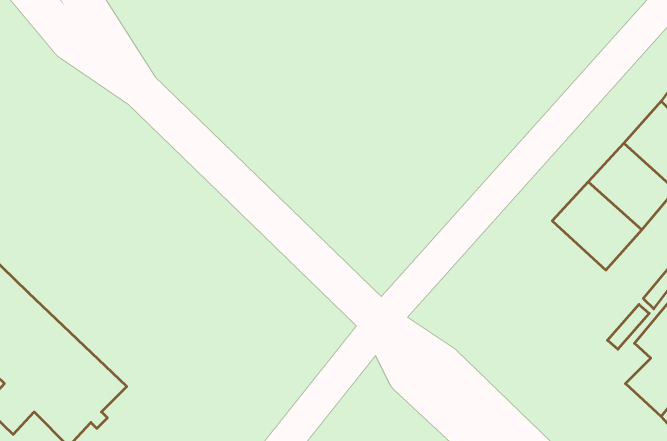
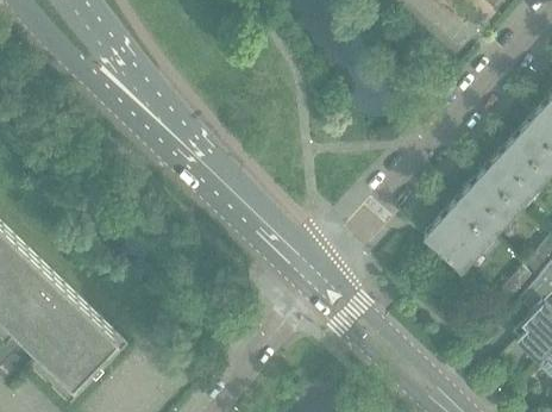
building: none -> [426,206,497,281]

